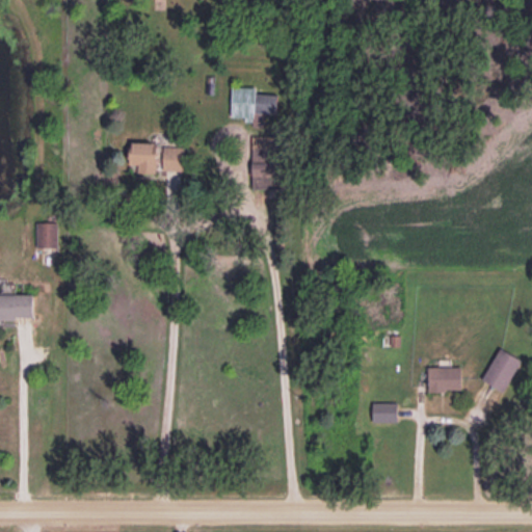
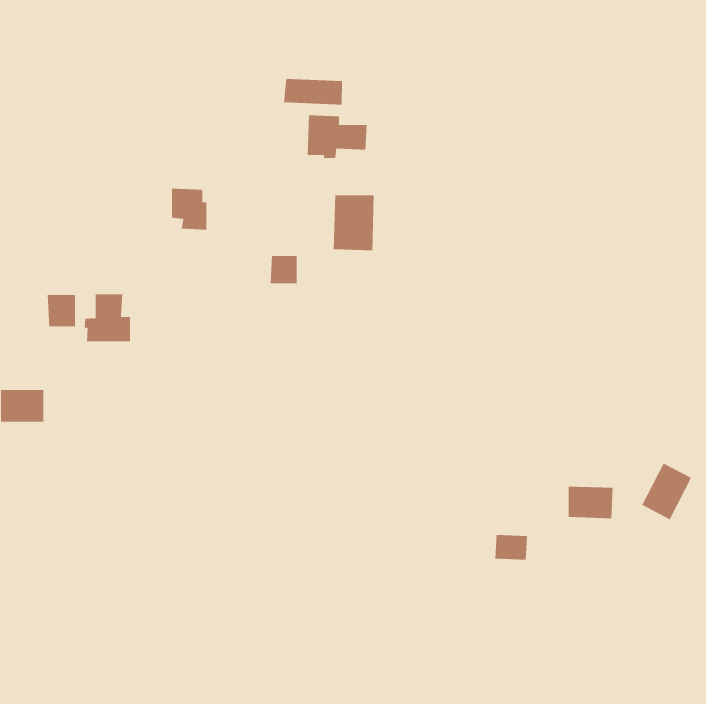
building: none -> [283,78,343,106]
building: [162,148,183,169] -> [270,255,297,284]
building: none -> [84,294,131,342]

